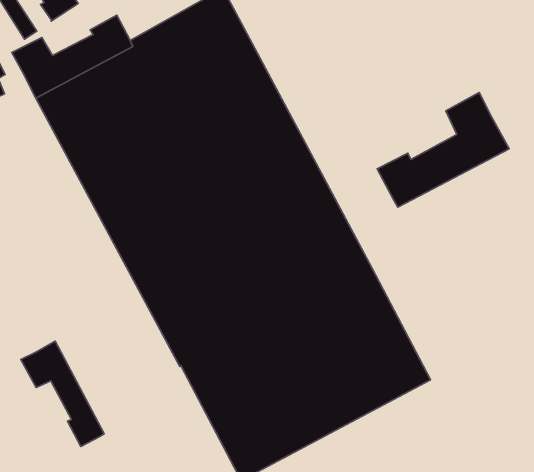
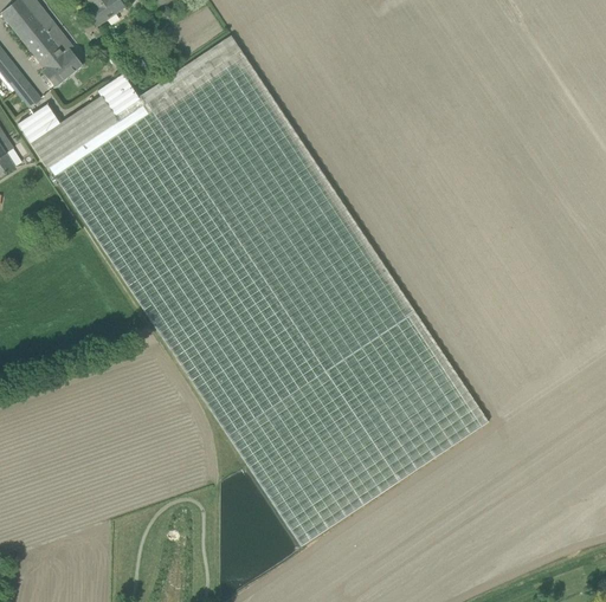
building: [377,92,509,207] -> none
building: [21,341,104,447] -> none

